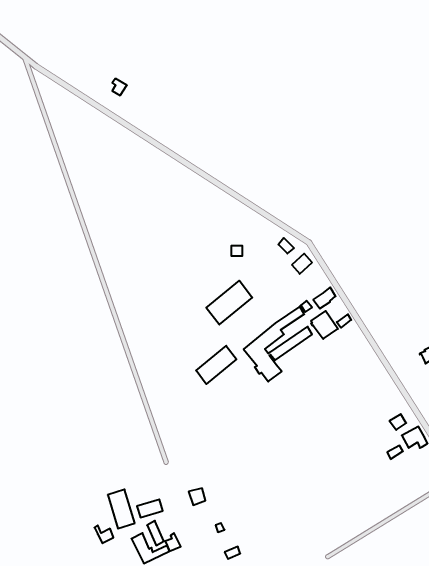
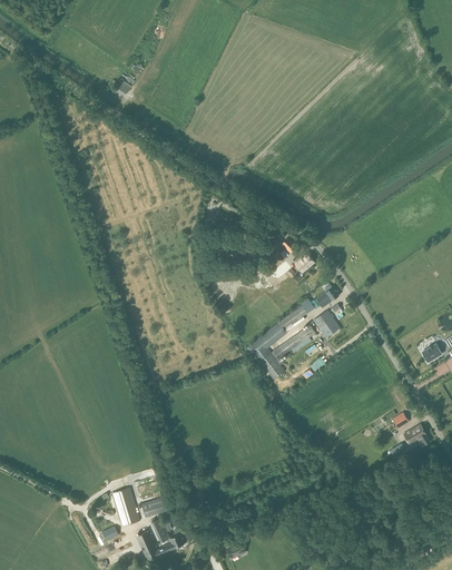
building: [206,281,252,325] -> none
building: [196,346,236,384] -> none

